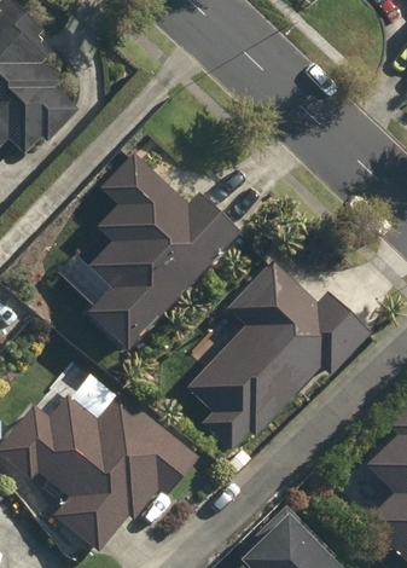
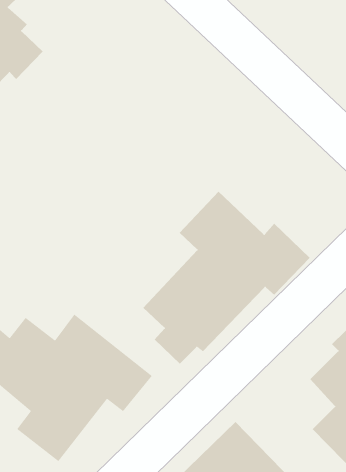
building: [89,156,239,348] -> none

